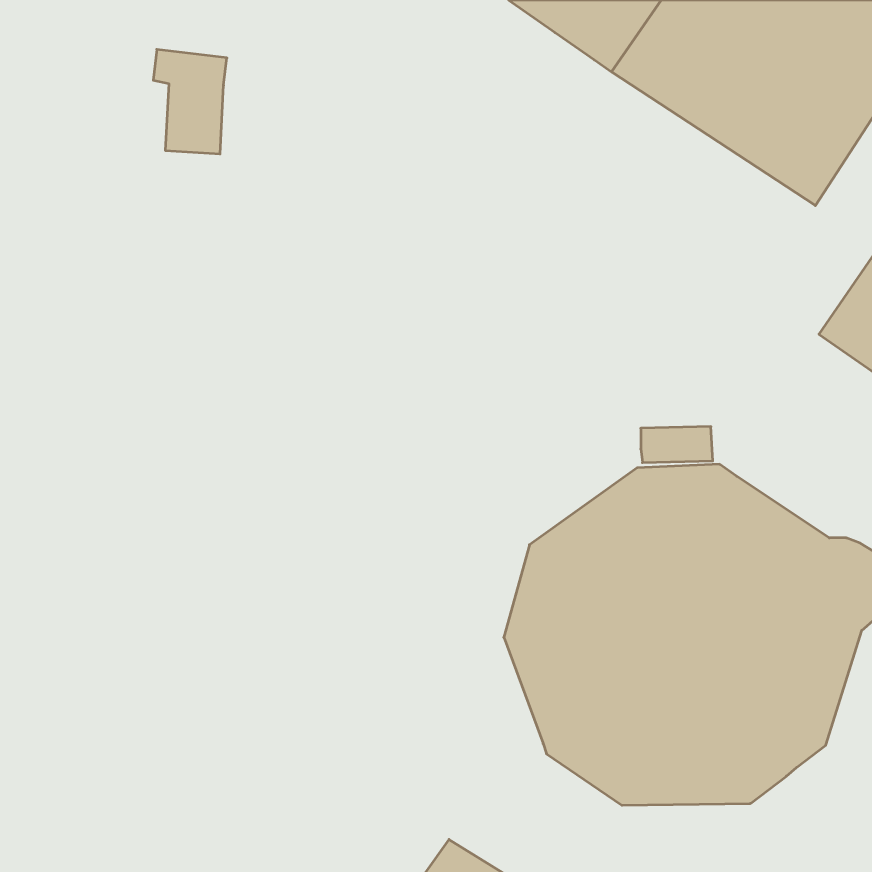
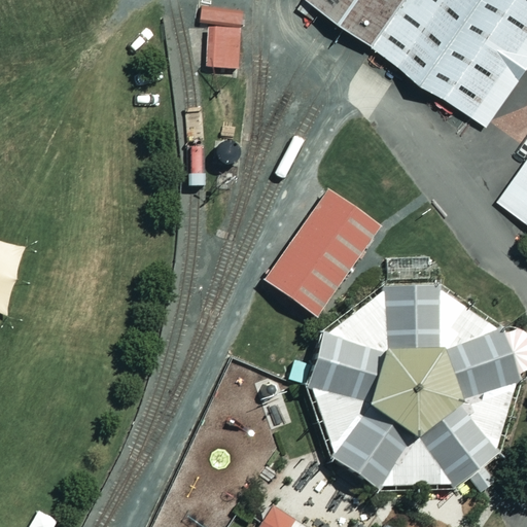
building: [153,49,227,154] -> [199,6,243,69]
building: none -> [264,187,381,316]

